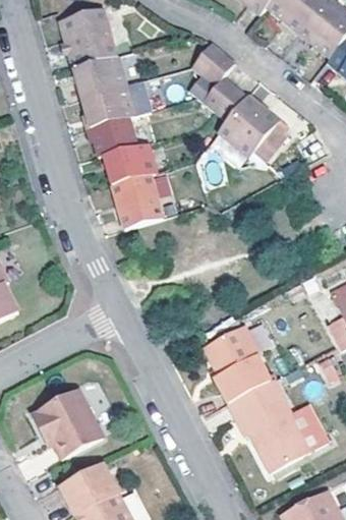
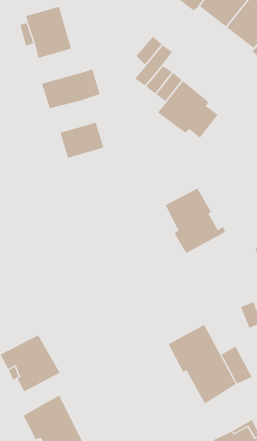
building: [73,57,125,98] -> none
building: [91,117,138,156] -> none
building: [112,174,163,227] -> none
building: [205,325,276,402] -> [165,188,226,254]

